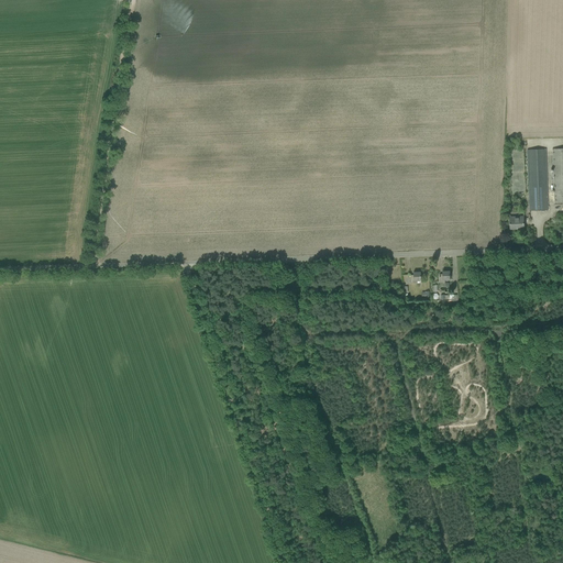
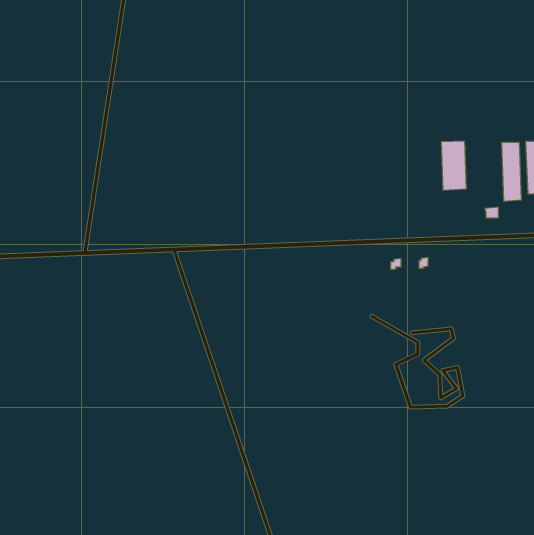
building: none -> [442,141,466,190]

